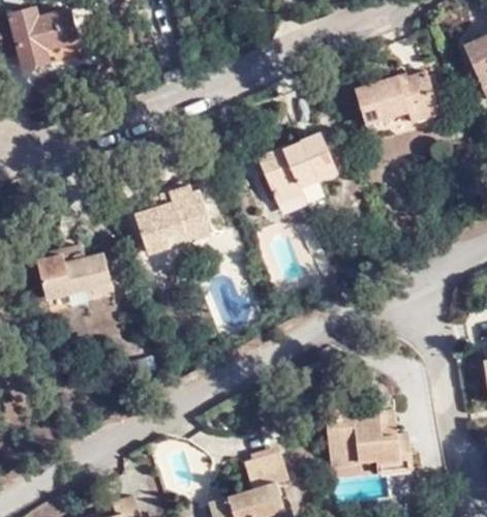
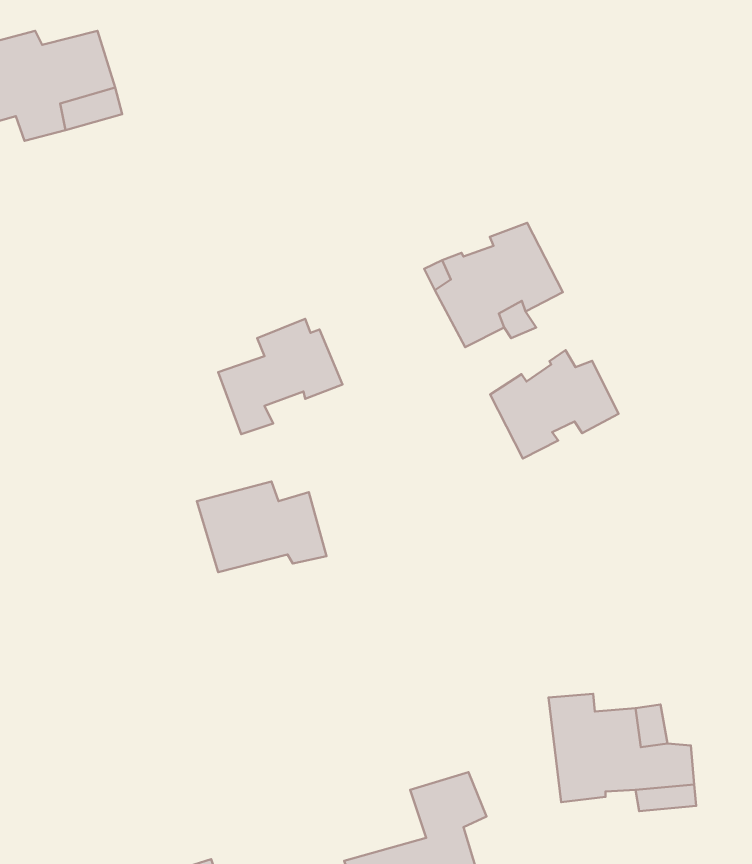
building: [357,73,437,124] -> none
building: none -> [490,350,618,458]
building: [37,248,113,301] -> [197,482,327,572]

